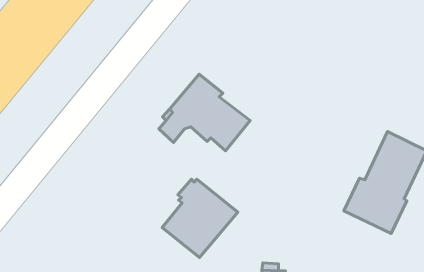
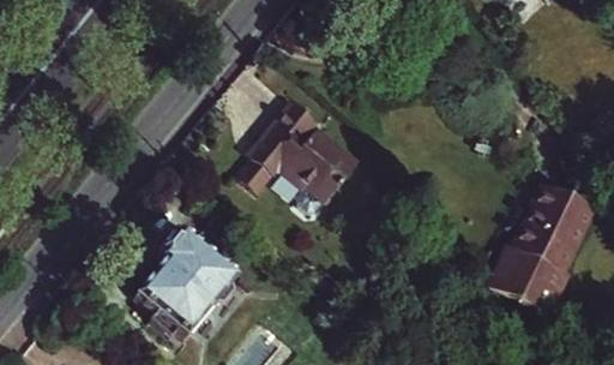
building: [162,179,238,258] -> [137,233,236,336]

